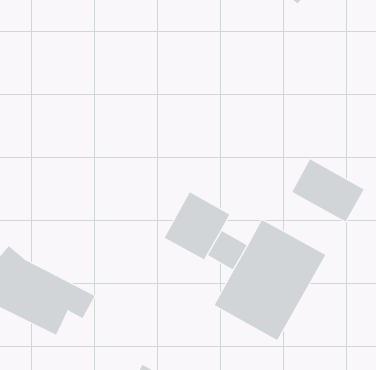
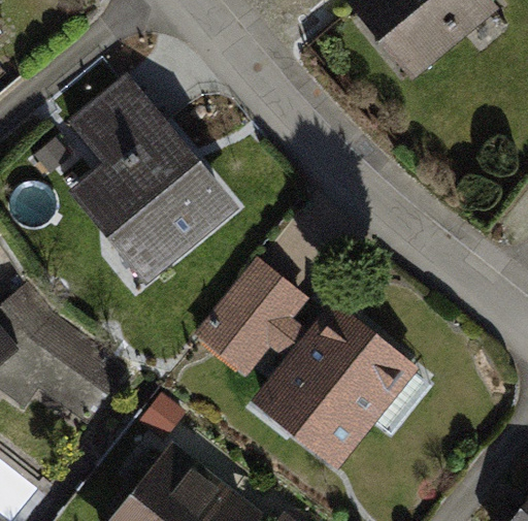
building: none -> [71,83,224,259]
building: [291,158,365,222] -> none

